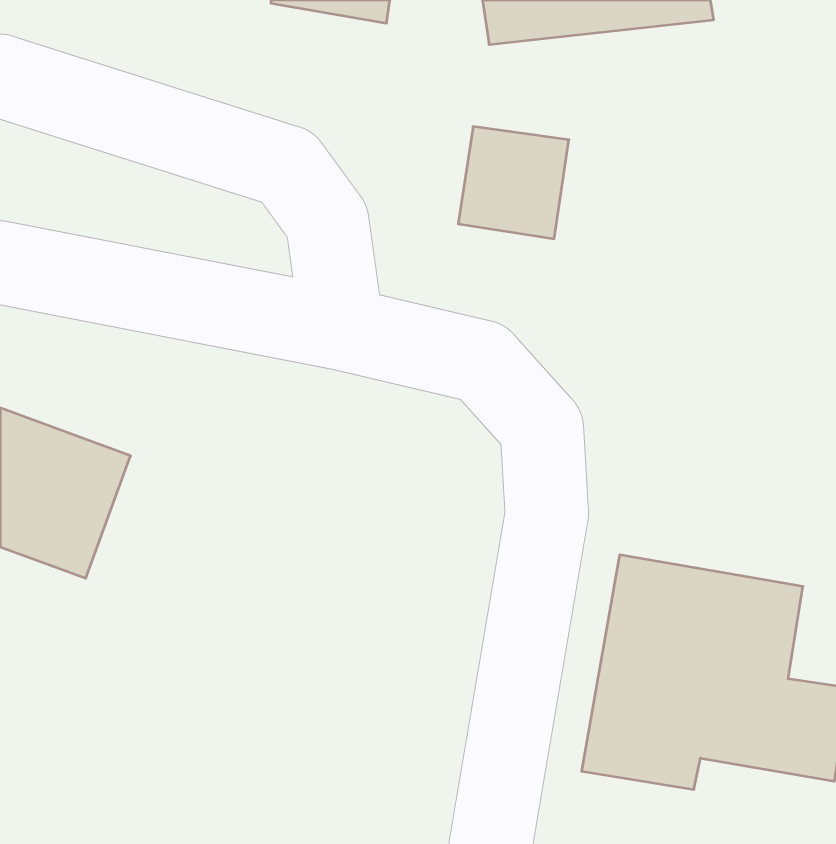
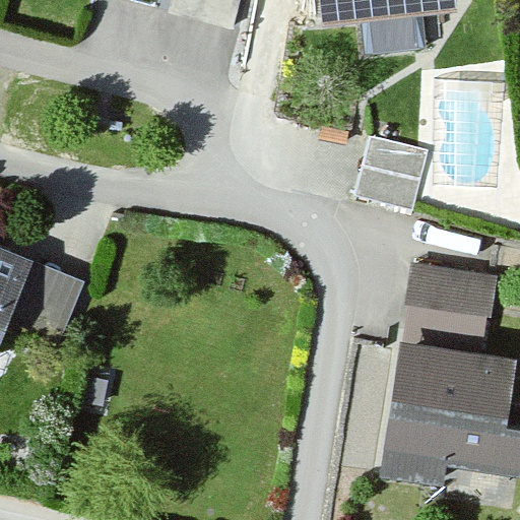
building: [458,127,569,239] -> [361,125,429,194]
building: none -> [406,249,501,330]

